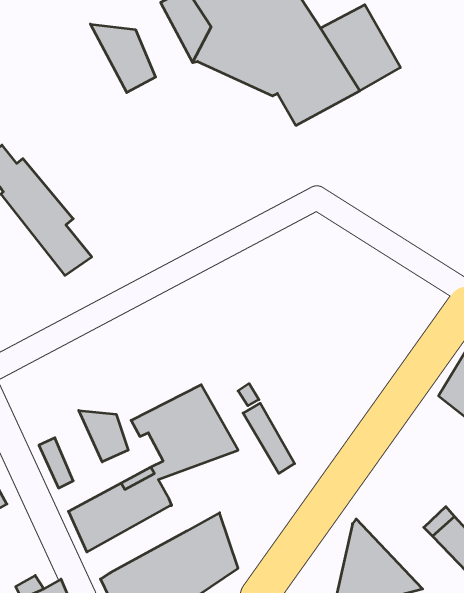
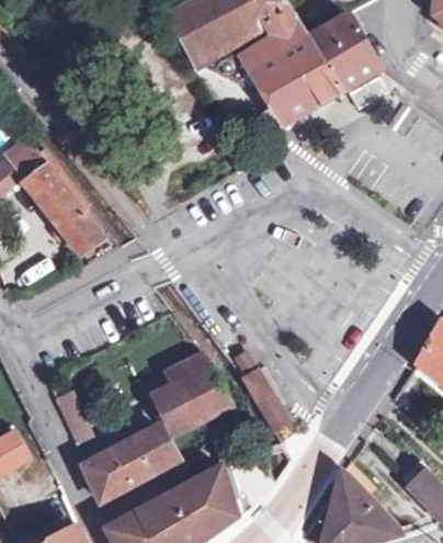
building: [90,24,156,93] -> none
building: [79,410,128,462] -> none

